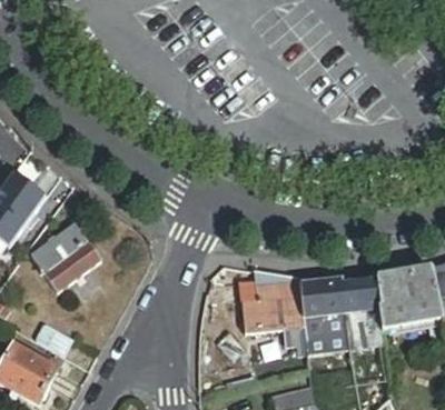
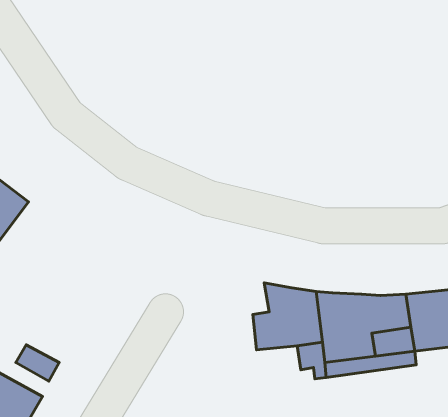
building: [27,219,96,287] -> none

